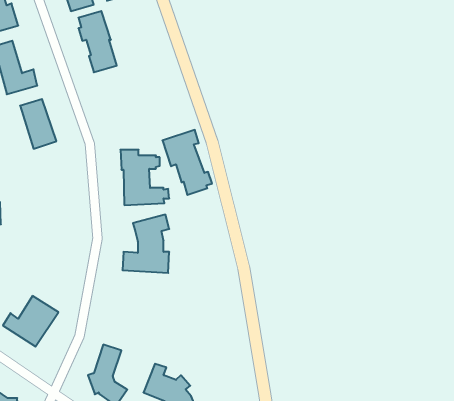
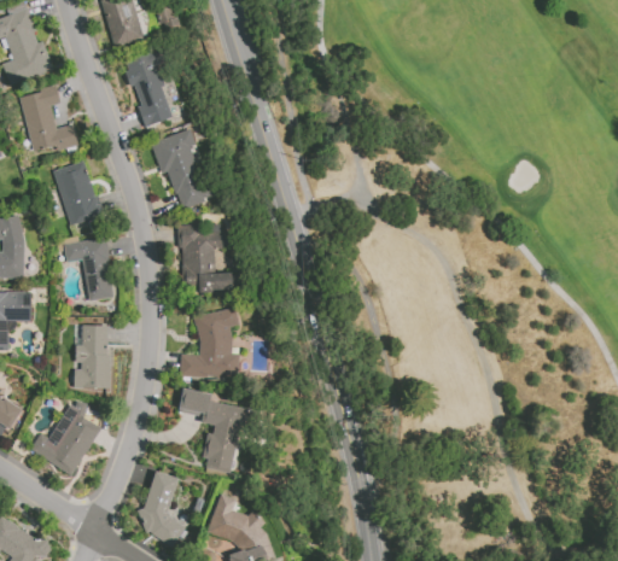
building: [162,130,212,195] -> [151,128,214,210]
building: none -> [63,238,113,302]
building: none -> [71,323,107,387]
building: none -> [179,387,250,473]

